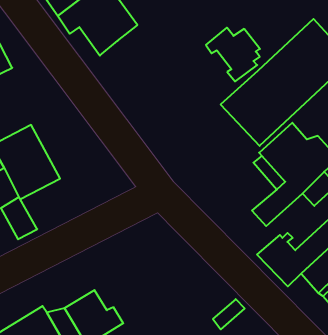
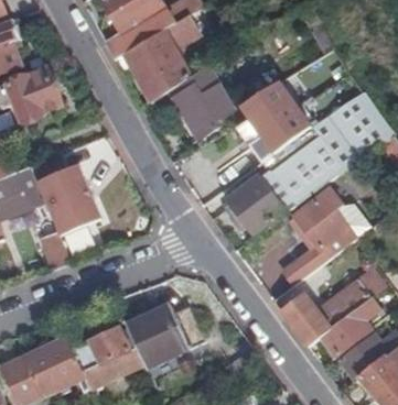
building: none -> [168,65,230,138]
building: none -> [225,175,281,231]
building: none -> [125,305,203,368]

